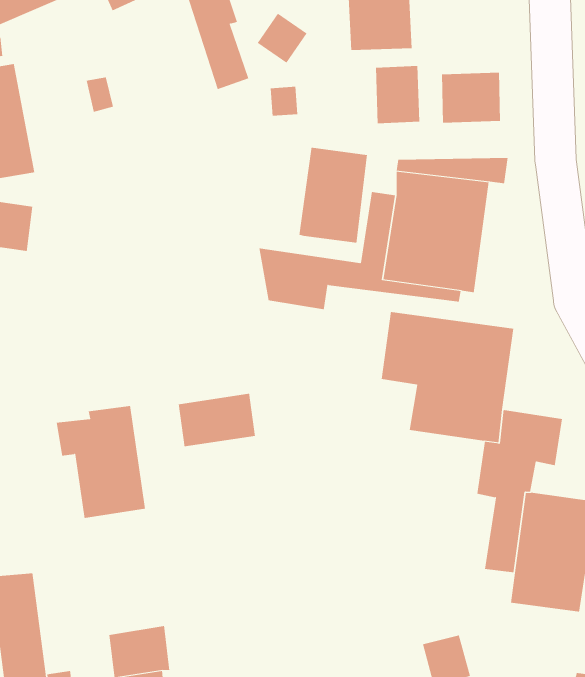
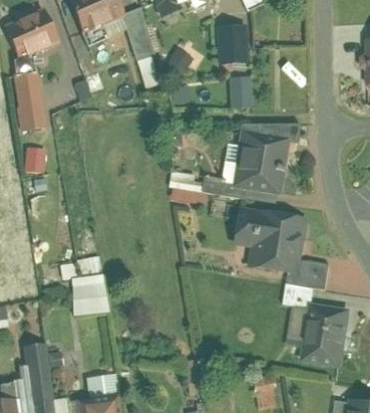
building: [441,72,501,124] -> none
building: [299,147,368,244] -> none
building: [178,393,255,447] -> none

